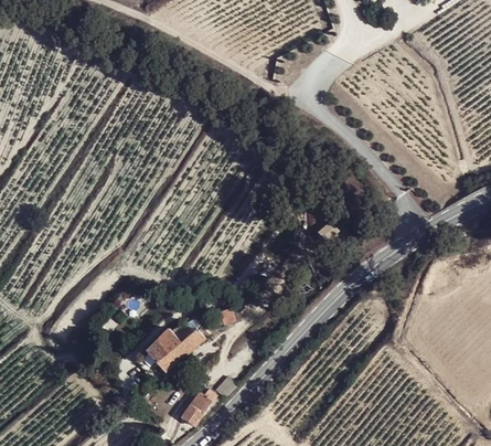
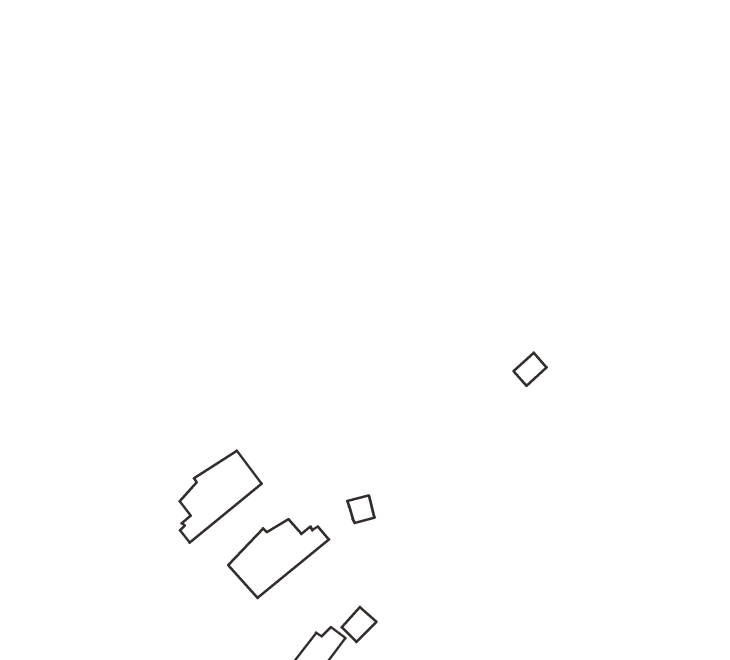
building: none -> [180,451,262,543]

